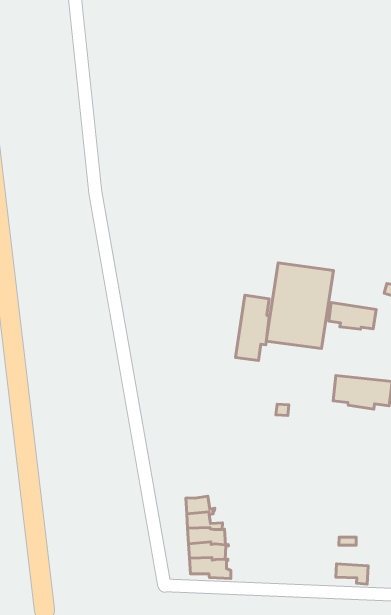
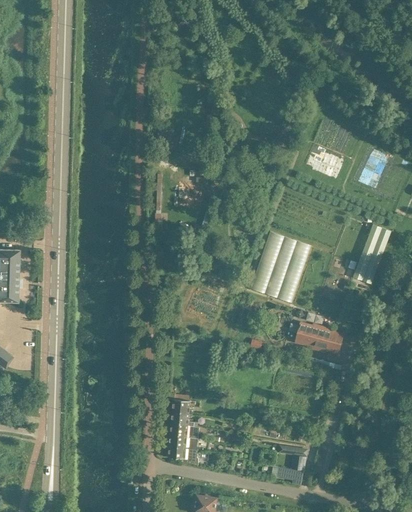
building: [235,295,269,360] -> none
building: [329,303,376,329] -> none

